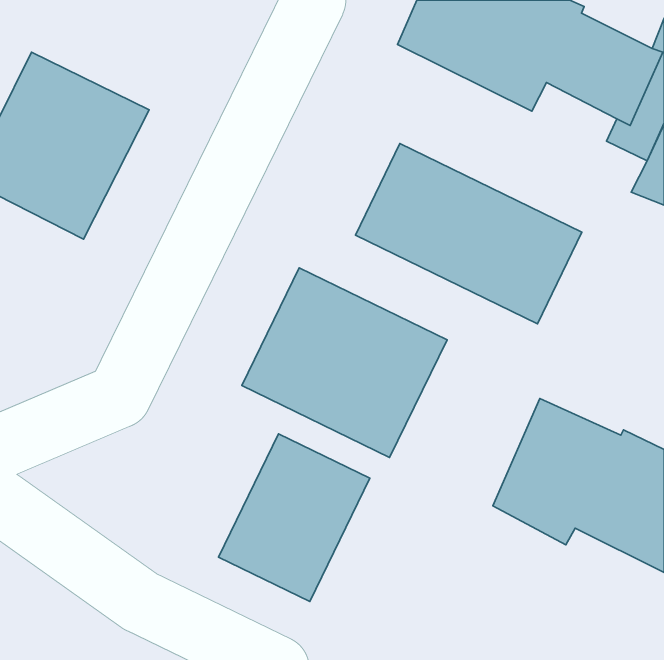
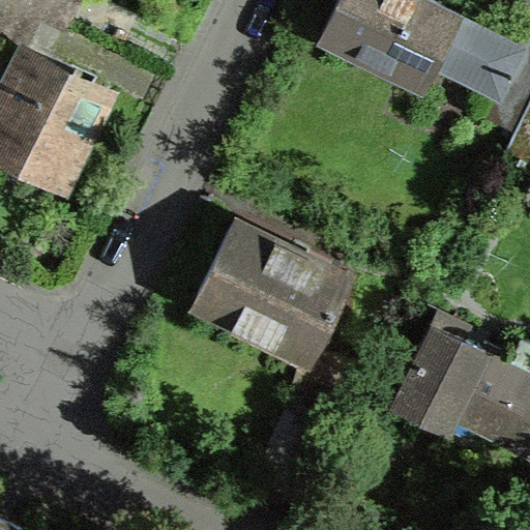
building: [355,144,582,324] -> none
building: [218,434,370,601] -> none

